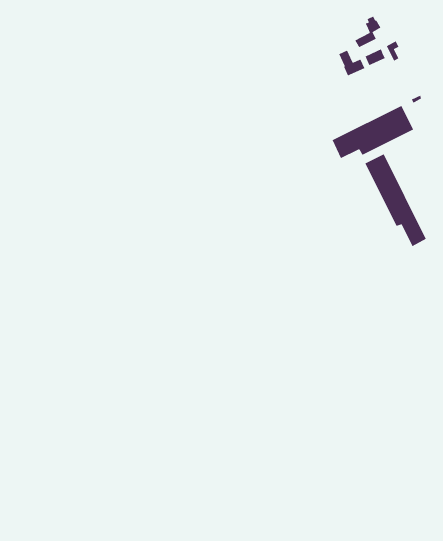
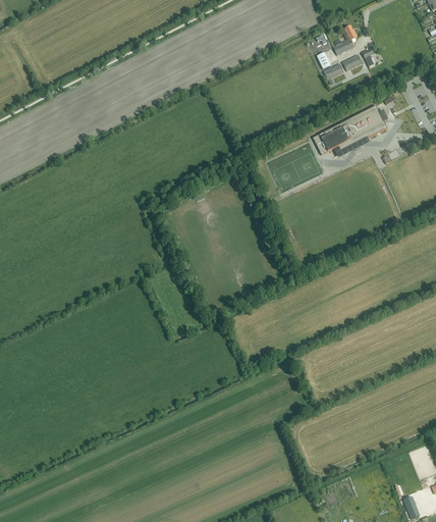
building: [364,153,427,247] -> none

